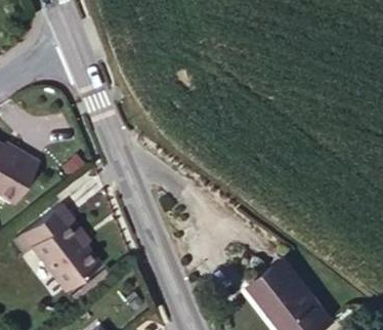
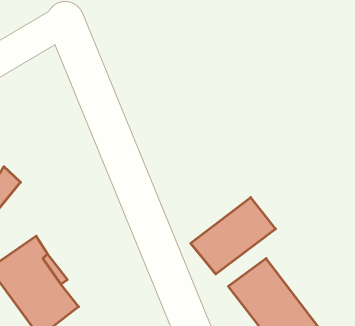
building: none -> [191,197,276,274]

